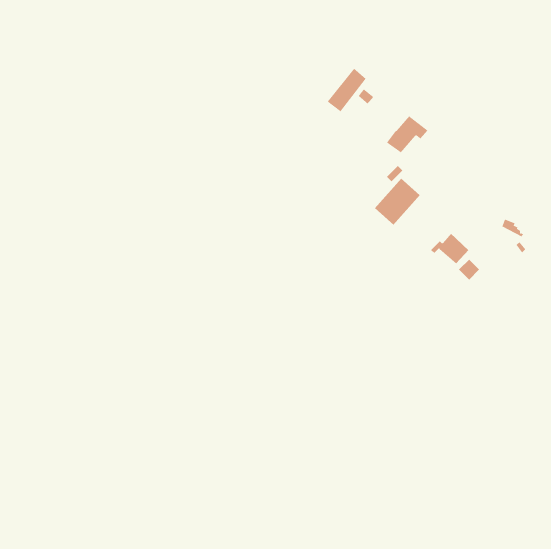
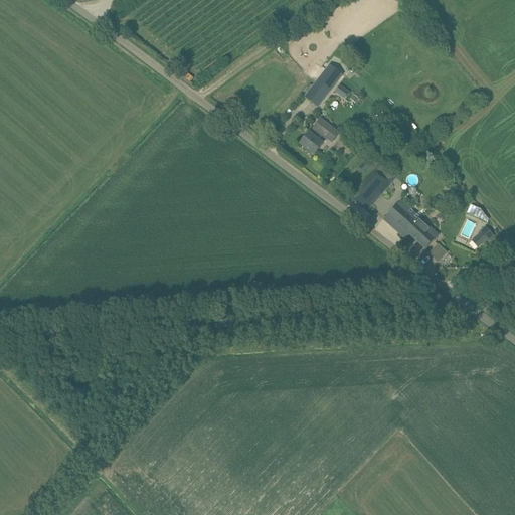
building: [386,115,428,153] -> [300,118,339,153]
building: none -> [384,199,420,233]

